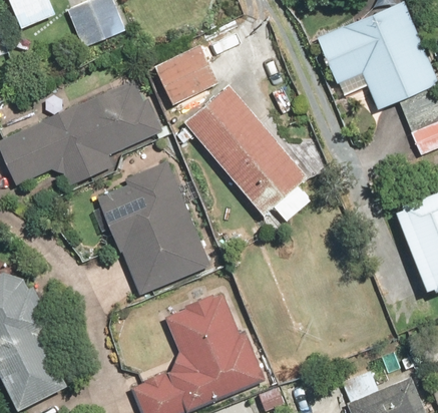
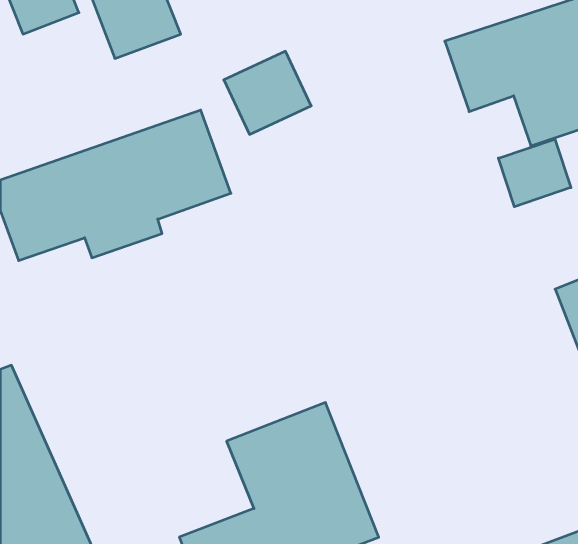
building: [182,86,312,223] -> none
building: none -> [498,139,571,207]
building: [93,158,213,300] -> none

